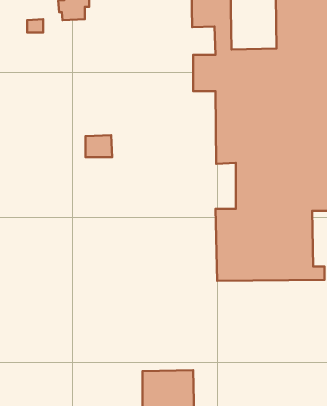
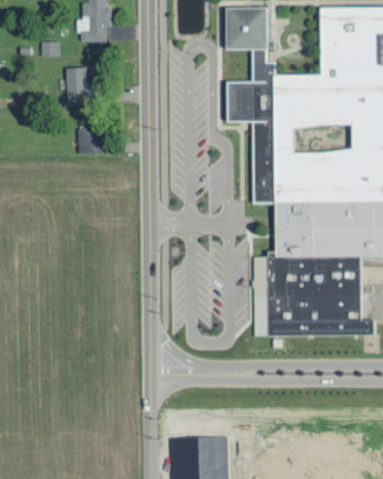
building: none -> [65,67,89,103]
building: [85,135,112,157] -> [77,129,107,154]

